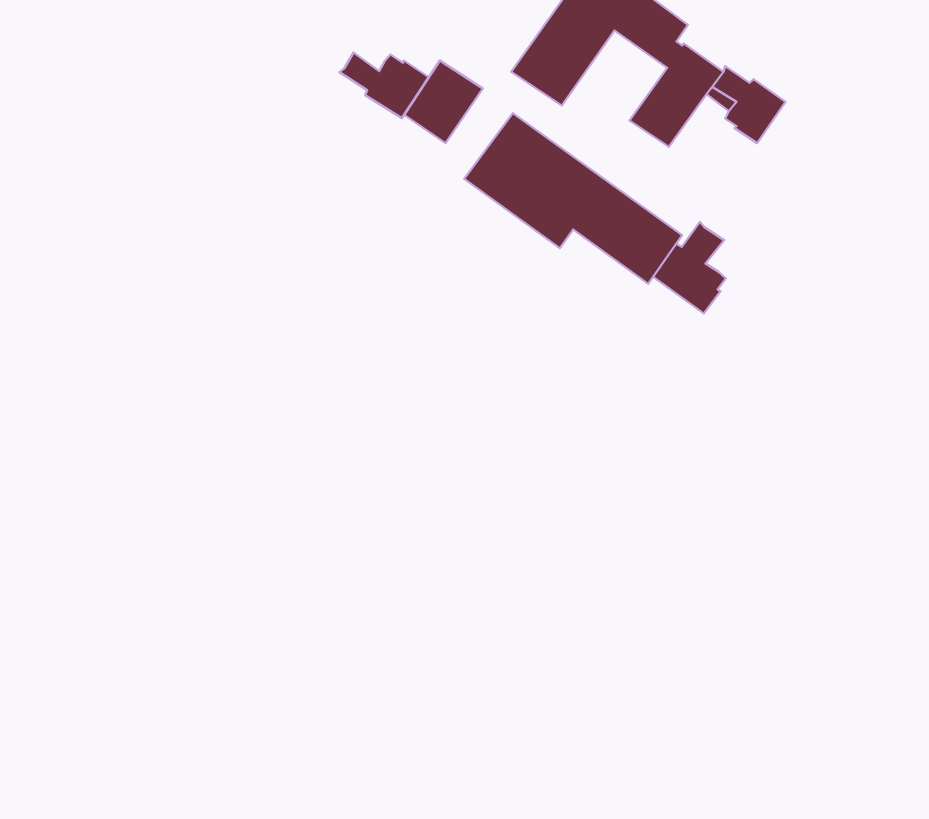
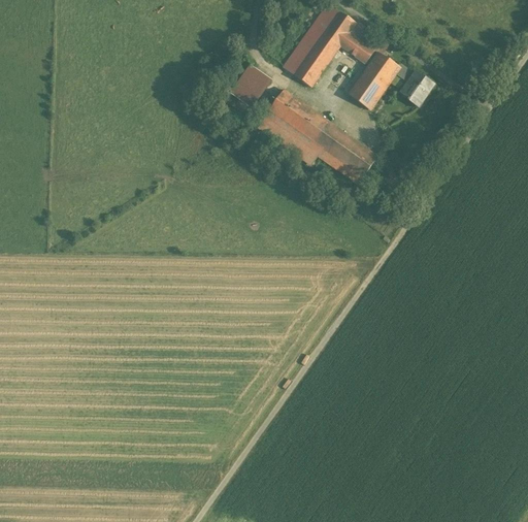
building: [340,53,429,118] -> none
building: [653,222,726,314] -> none

